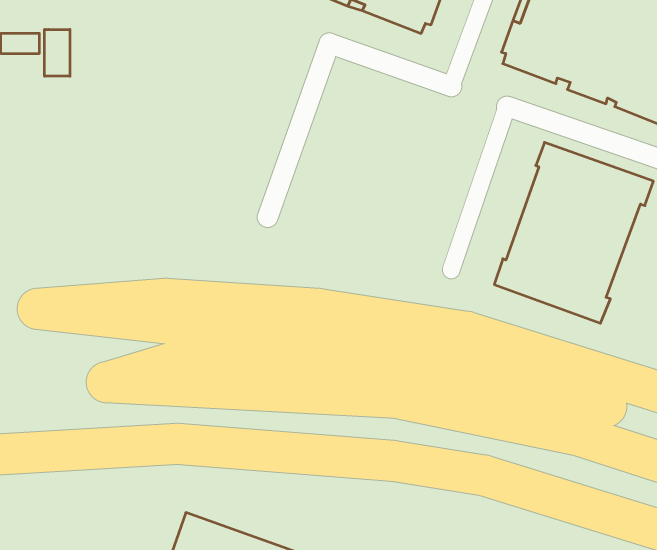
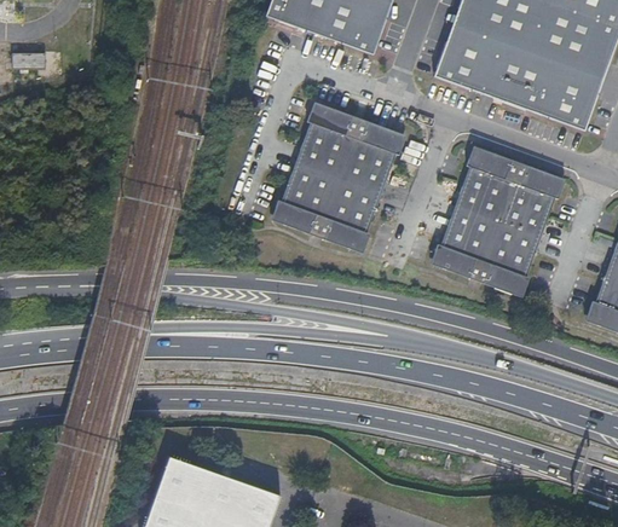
building: [45,29,70,76] -> none
building: none -> [271,102,405,251]

